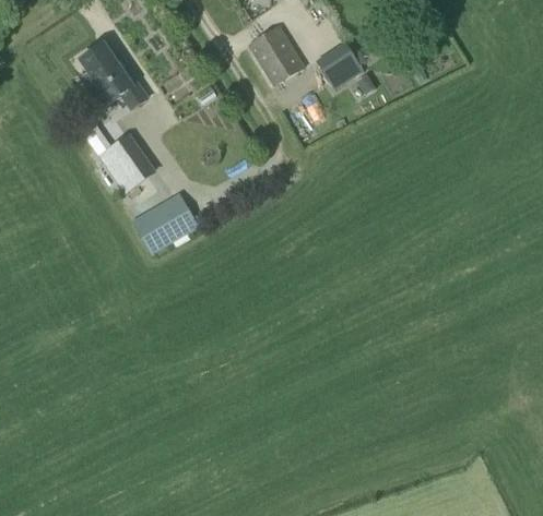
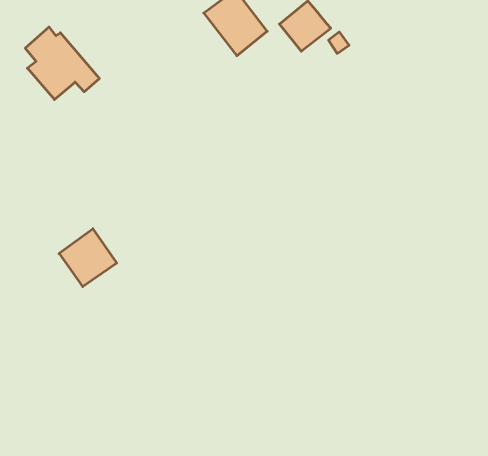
building: [97,133,155,193] -> none
building: [144,193,197,245] -> [59,229,117,287]

